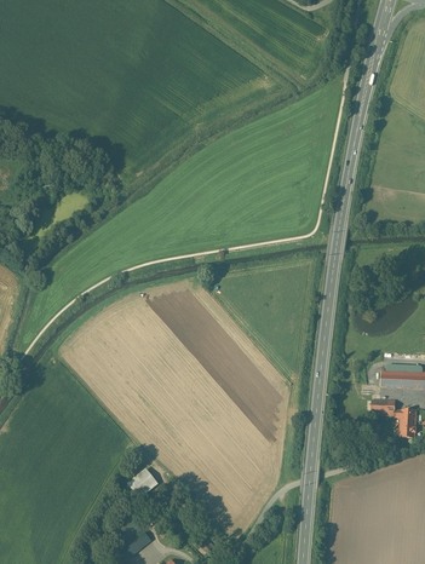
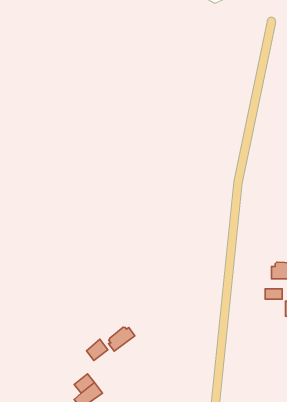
building: none -> [109,327,135,351]

